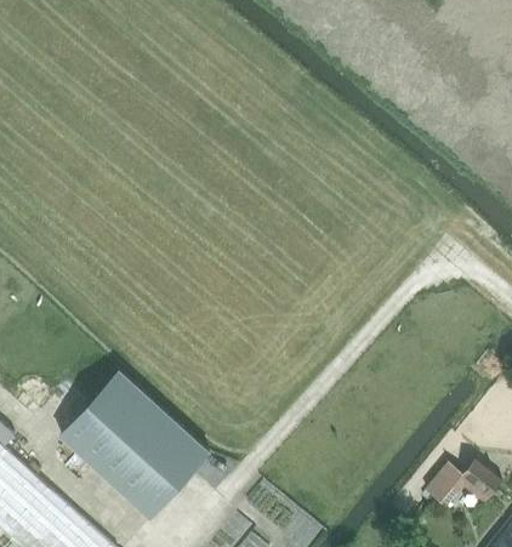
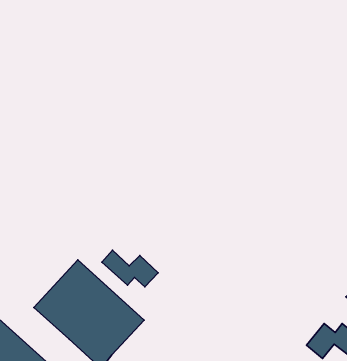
building: none -> [102,250,158,287]

